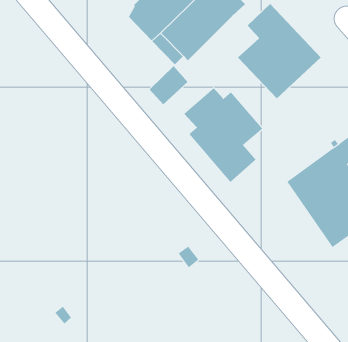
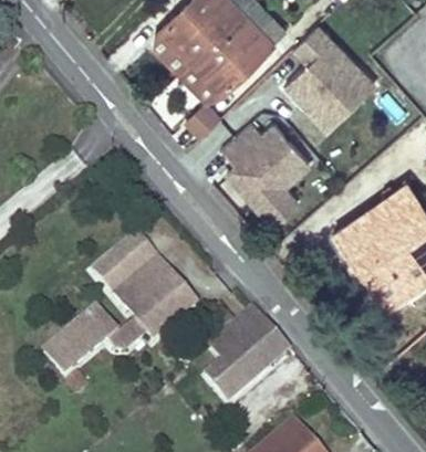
building: none -> [43,233,195,378]
building: none -> [206,308,290,402]

